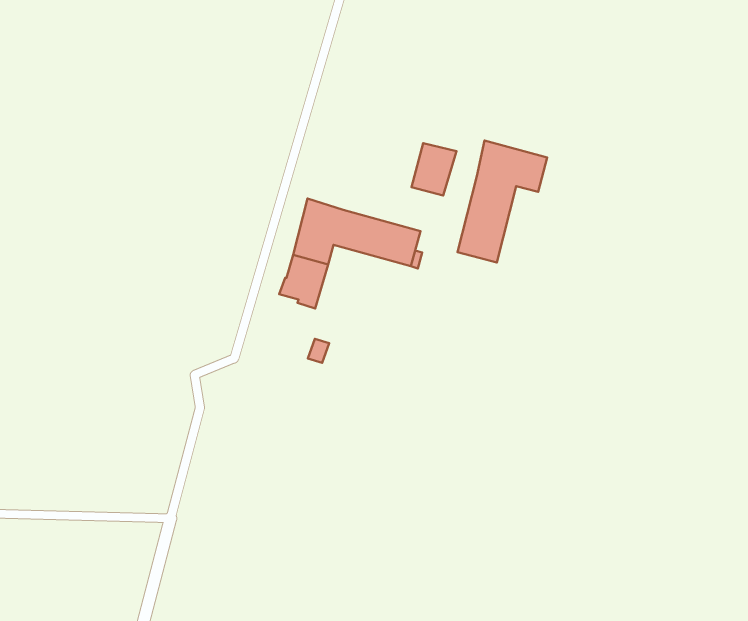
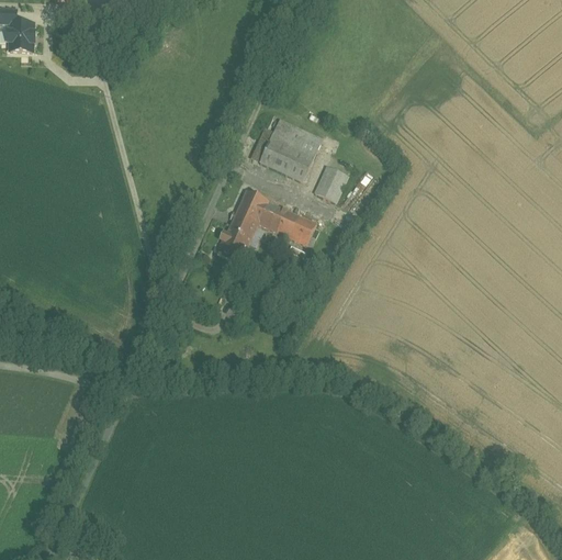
building: none -> [259,119,322,180]
building: [457,140,547,262] -> none

